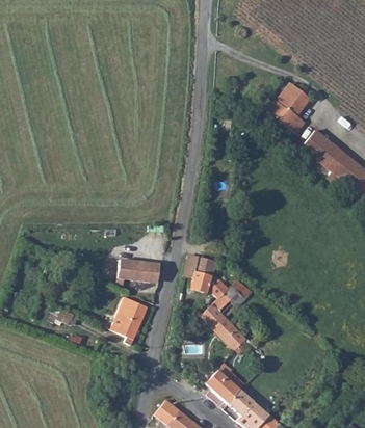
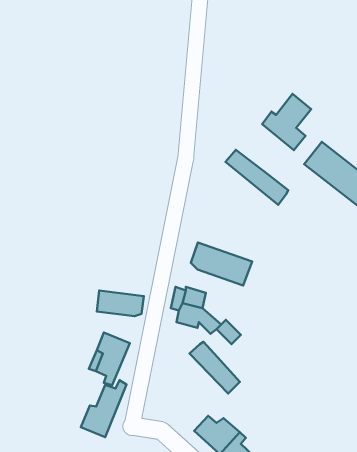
building: none -> [226,150,288,205]
building: none -> [191,243,252,285]
building: none -> [81,380,127,437]

